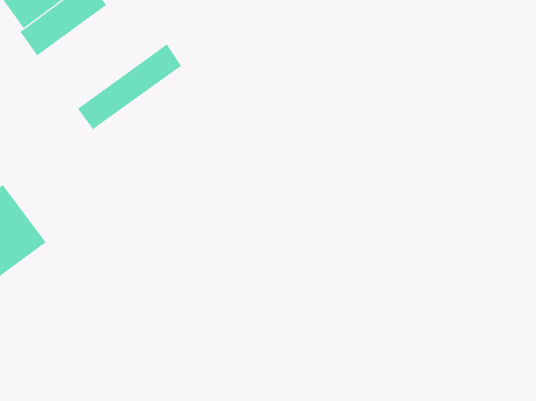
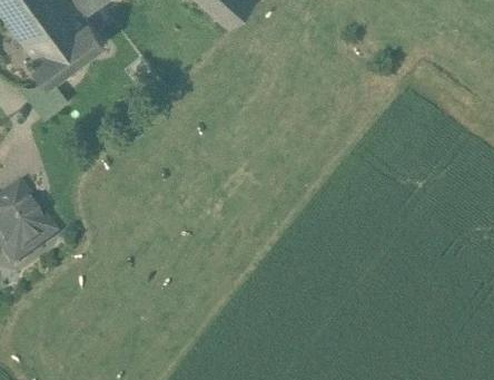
building: [77,43,182,130] -> none

